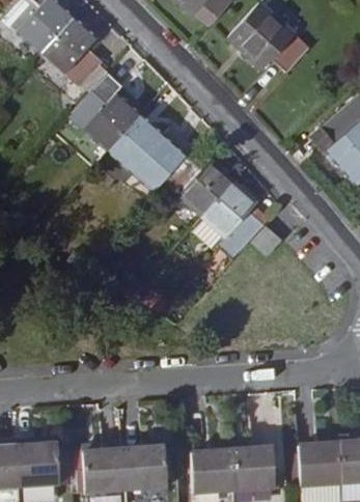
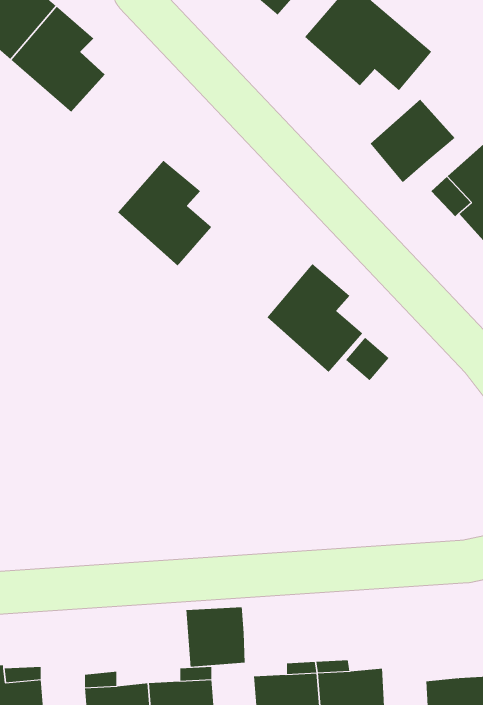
building: [68,75,137,150] -> none
building: none -> [370,99,455,183]
building: [163,158,231,217] -> none
building: none -> [186,606,245,667]

